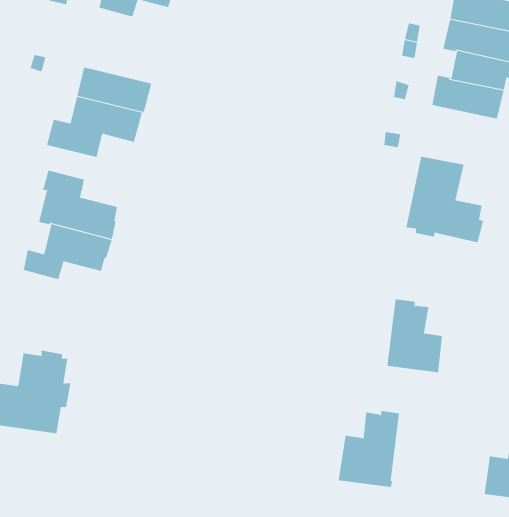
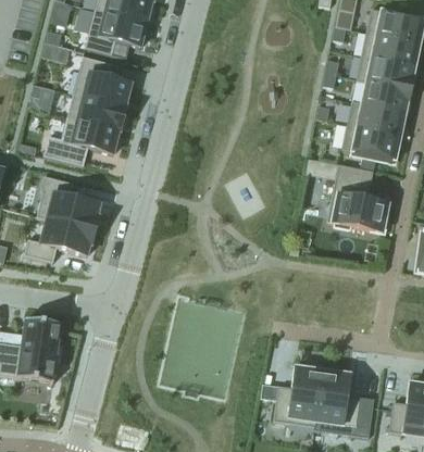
building: none -> [72,55,130,106]
building: none -> [341,124,399,170]
building: [386,299,443,373] -> [315,367,360,426]

